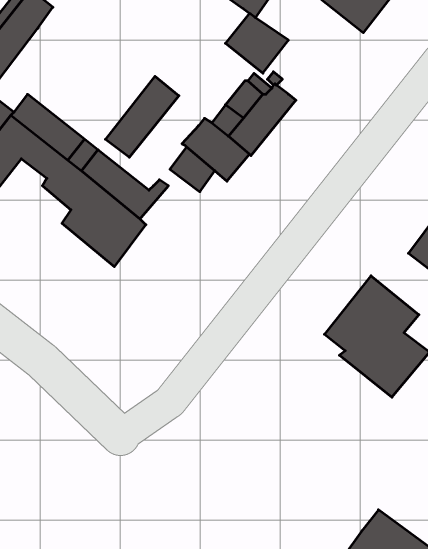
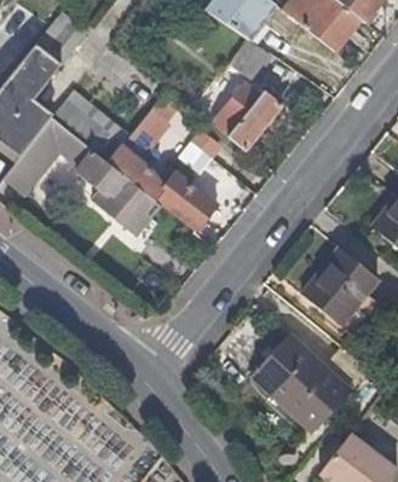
building: none -> [156,174,218,230]
building: none -> [252,333,351,431]

